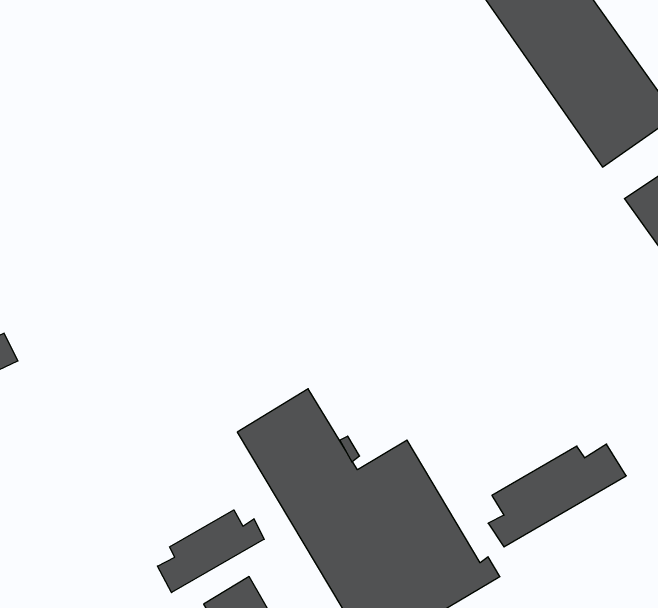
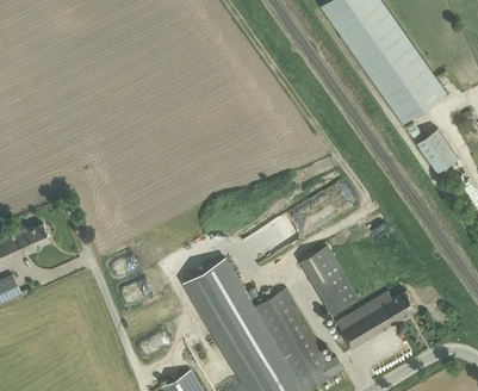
building: none -> [300,247,355,314]
building: [157,510,264,593] -> none

